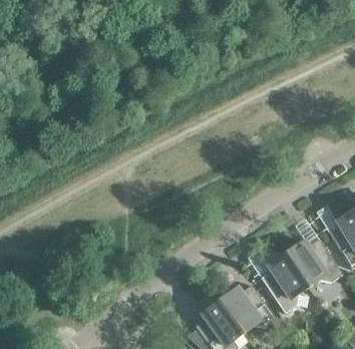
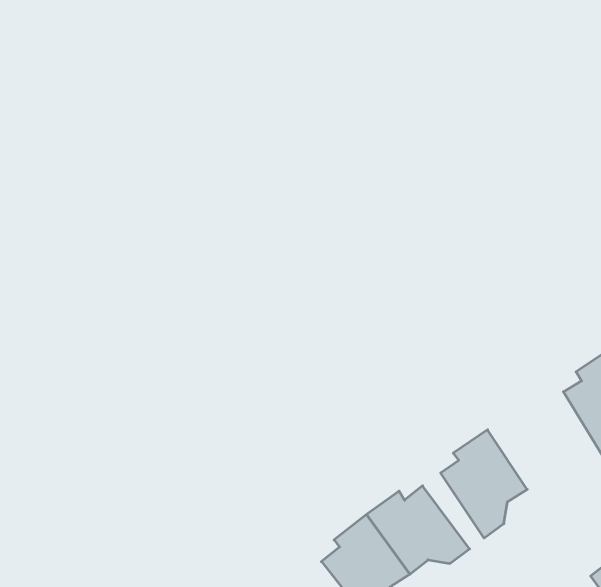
building: [286,236,341,284] -> none

